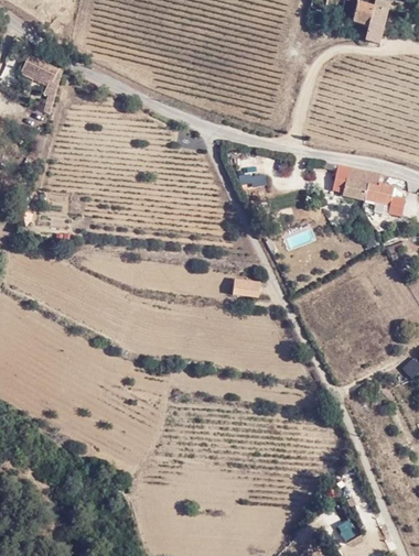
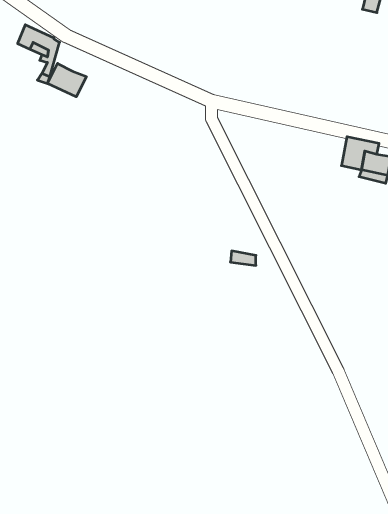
building: none -> [47,63,86,97]

